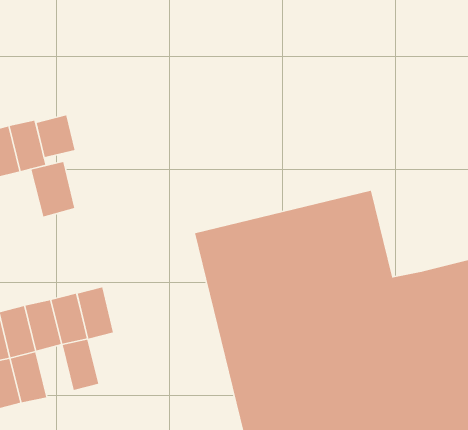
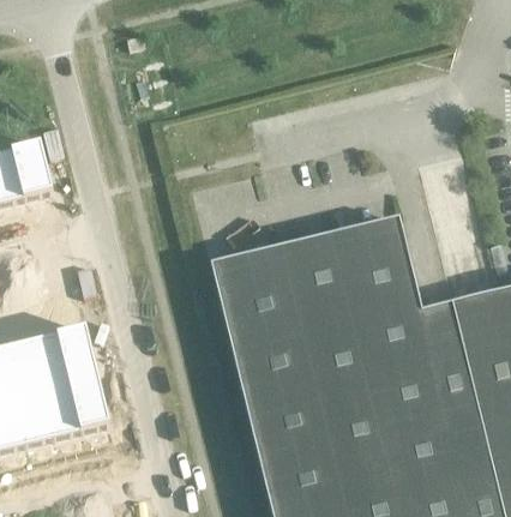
building: [36,114,76,158] -> none
building: [31,161,75,218] -> none
building: [77,286,114,340] -> [42,379,82,435]

